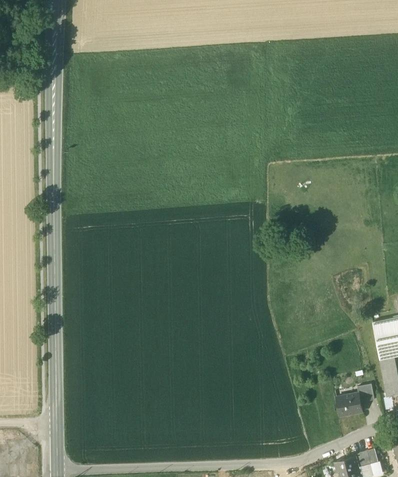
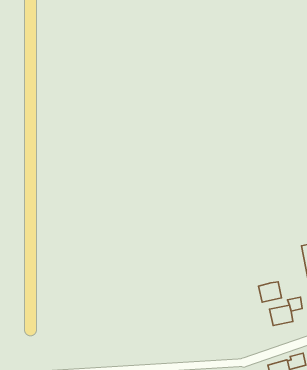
building: none -> [259,282,282,302]

